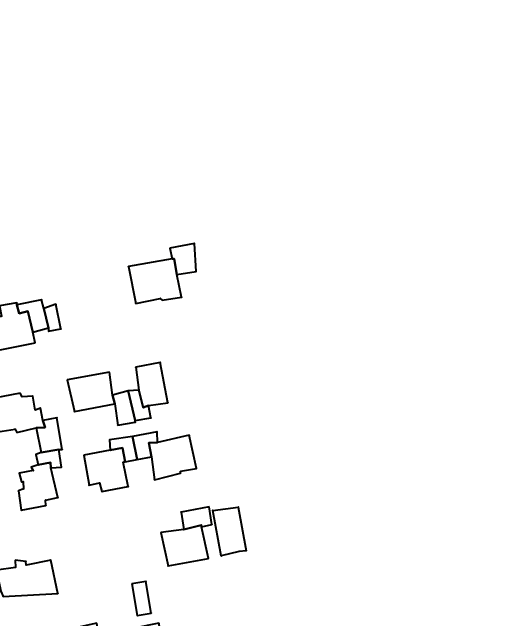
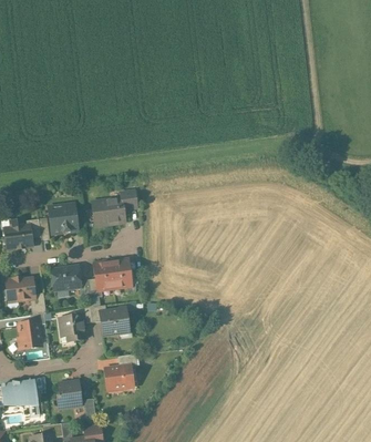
building: none -> [49,205,78,234]
building: none -> [110,260,131,288]
building: [213,507,246,556] -> none
building: none -> [56,382,81,409]

